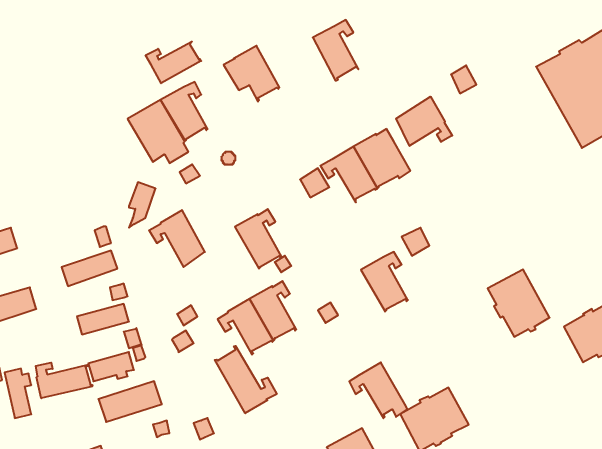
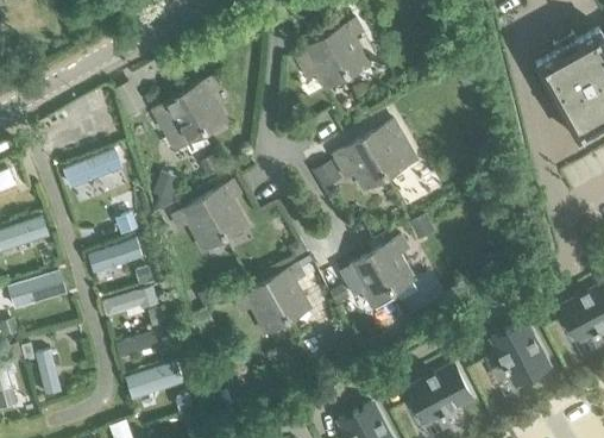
building: [146,42,201,83] -> none
building: [224,46,279,102] -> [295,38,347,90]
building: [396,97,452,146] -> none
building: none -> [63,145,124,186]
building: [235,209,282,269] -> [203,182,247,238]
building: [488,269,550,337] -> [491,323,549,386]
building: [215,346,277,413] -> none
building: [349,362,408,418] -> [341,255,396,307]
building: [36,363,92,398] -> none

